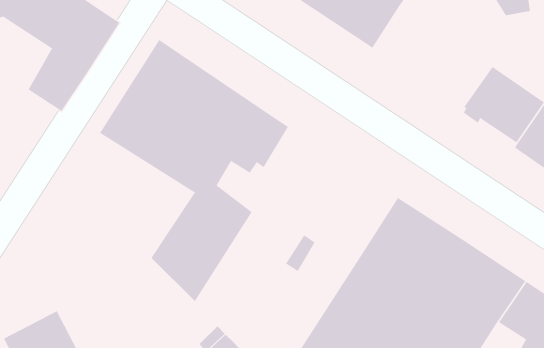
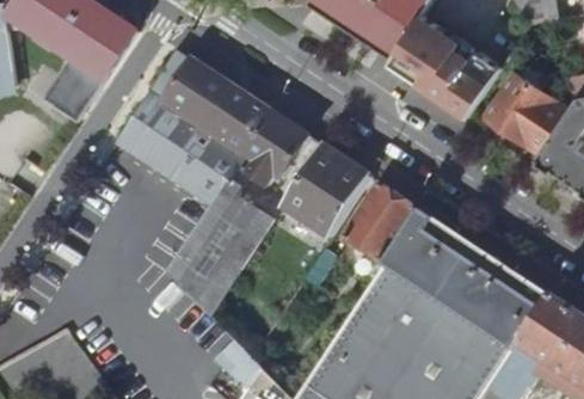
building: none -> [391,16,503,118]
building: none -> [285,147,371,237]
building: none -> [345,185,420,266]

